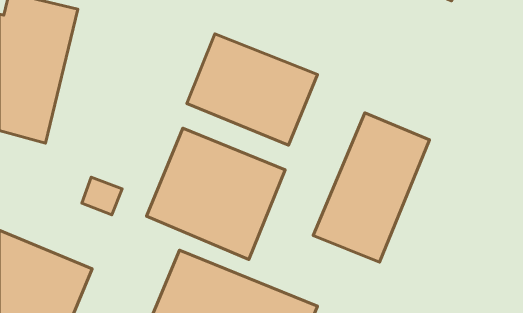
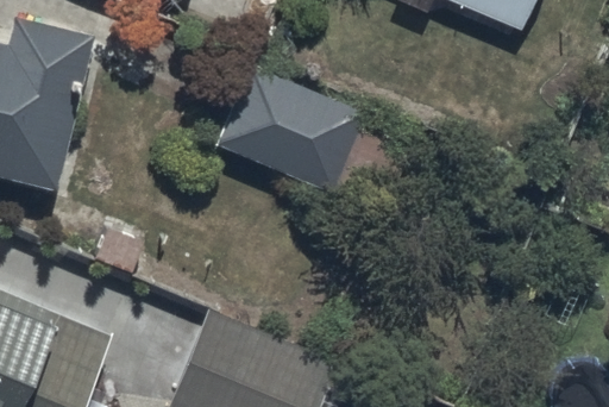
building: [313,113,430,262] -> none
building: [146,128,285,260] -> none

